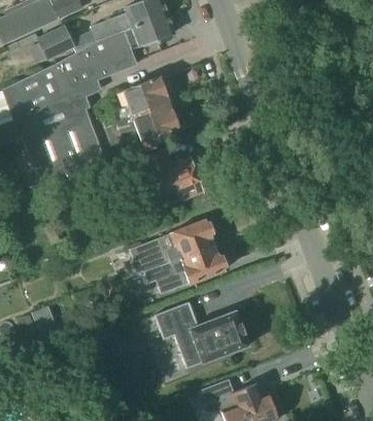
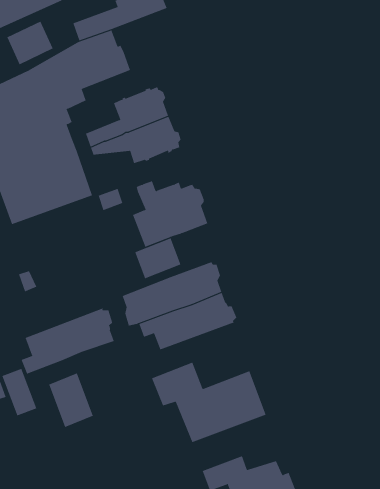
building: [123,13,176,50] -> none
building: none -> [134,237,181,279]
building: none -> [21,308,115,375]
building: none -> [48,373,93,428]

